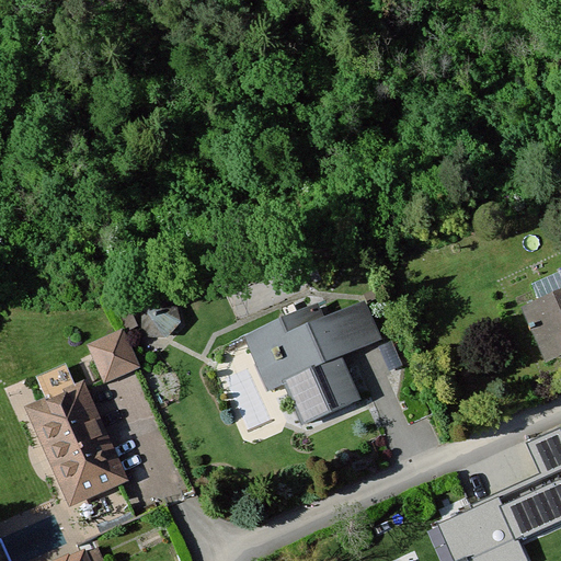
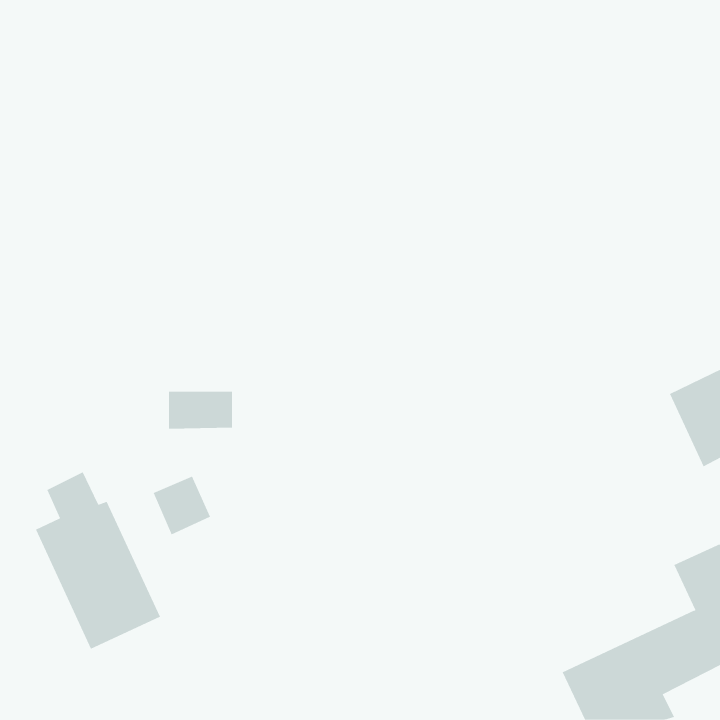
building: [245,304,381,425] -> none
building: [93,334,138,380] -> [153,476,211,535]

